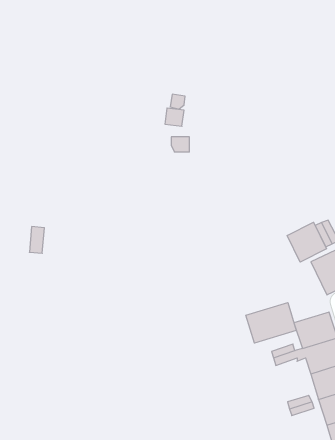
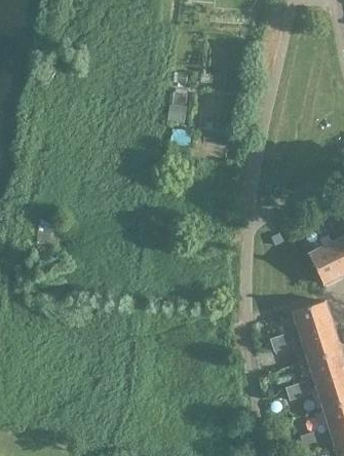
building: [287,222,326,262] -> none
building: [246,303,296,343] -> none

